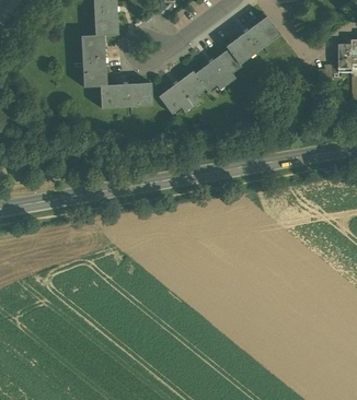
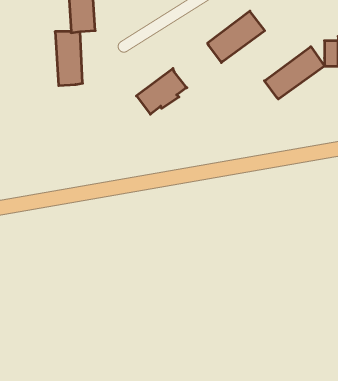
building: [194,48,241,91] -> none
building: none -> [264,47,324,99]
building: [100,82,152,108] -> none

